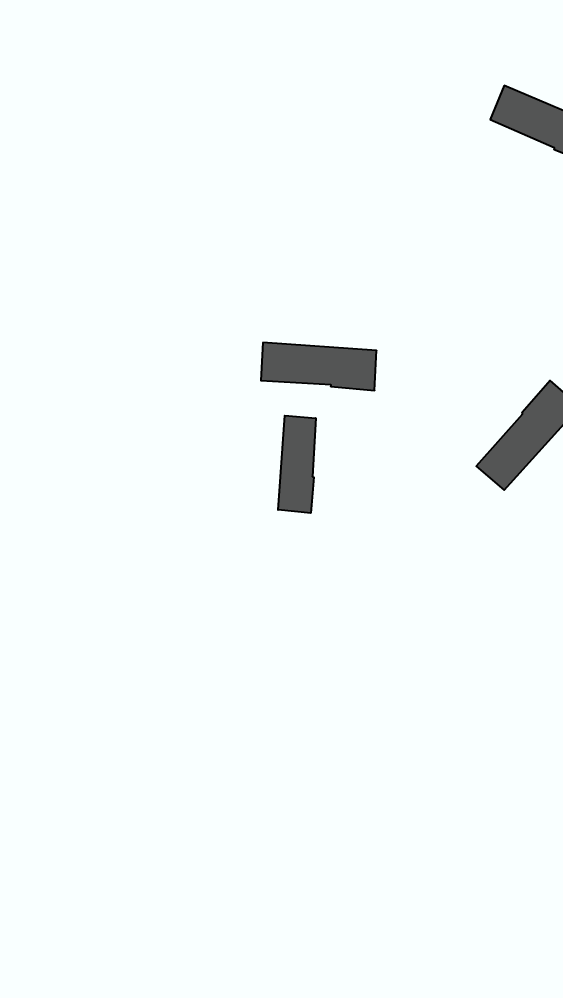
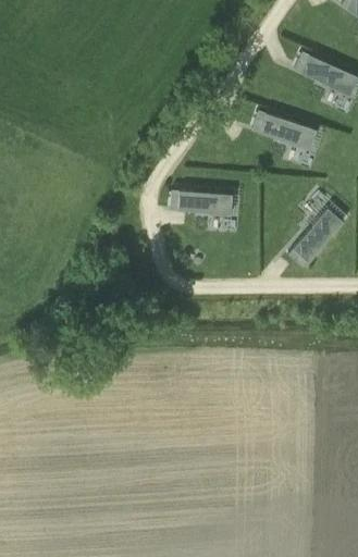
building: none -> [249,109,314,148]
building: [278,416,316,513] -> none

